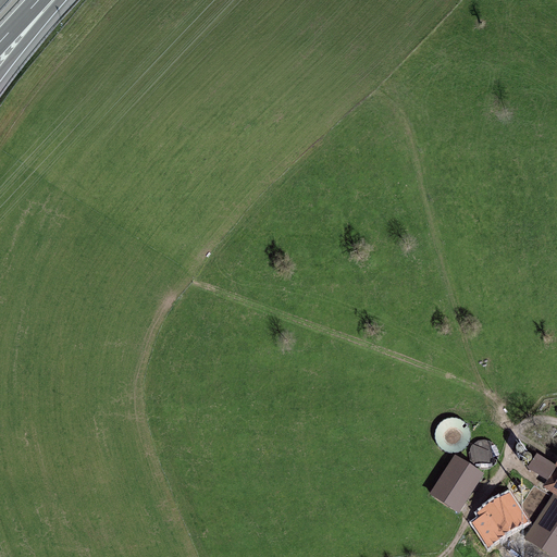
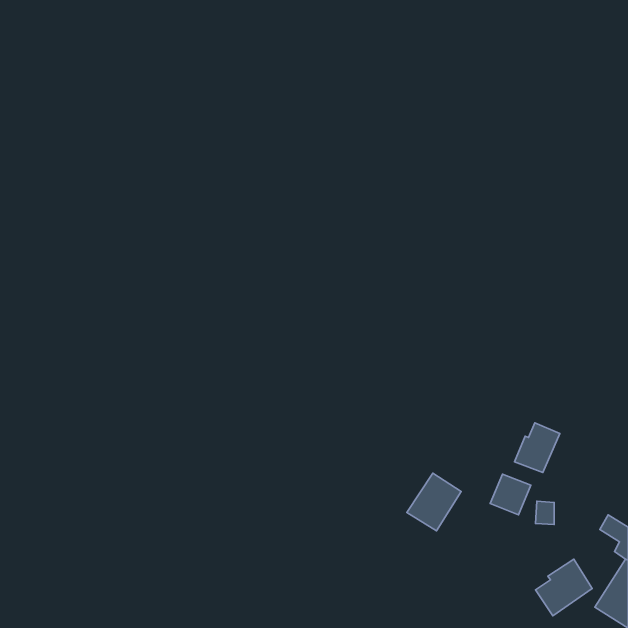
building: none -> [514,423,560,473]
building: [432,457,480,508] -> [407,473,461,531]

